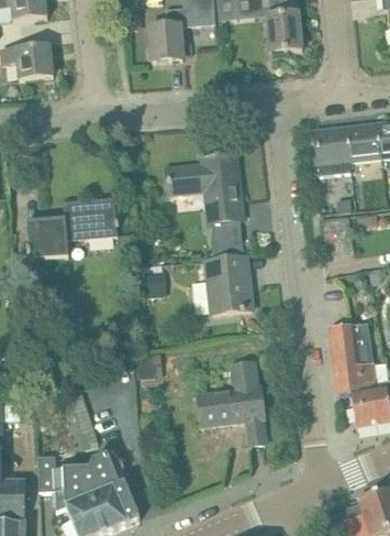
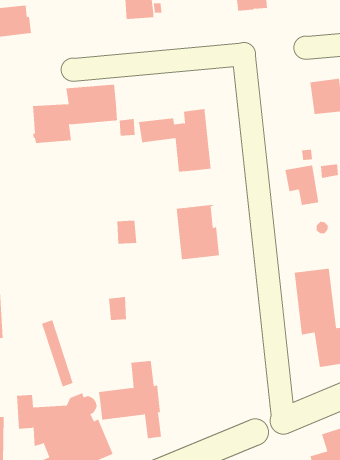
building: [314,127,350,165] -> none
building: [27,197,136,260] -> [32,84,136,144]
building: [213,234,244,259] -> none
building: [198,362,265,445] -> [98,360,162,439]

